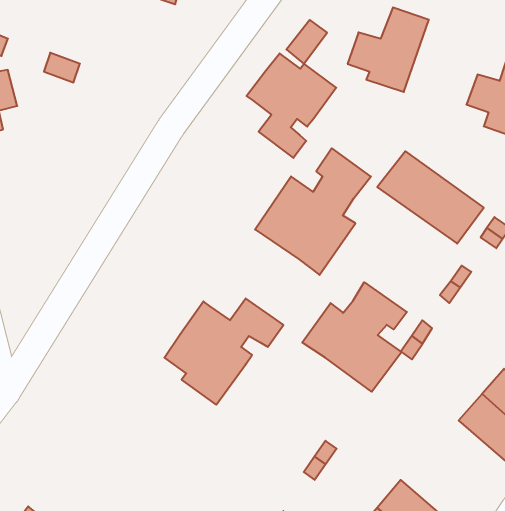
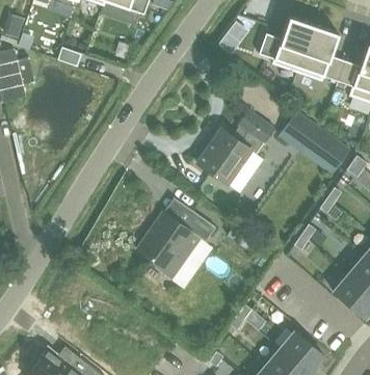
building: none -> [296,25,345,81]
building: [247,53,336,158] -> none
building: [302,282,407,392] -> none

